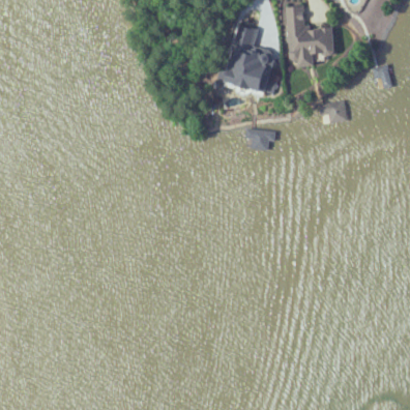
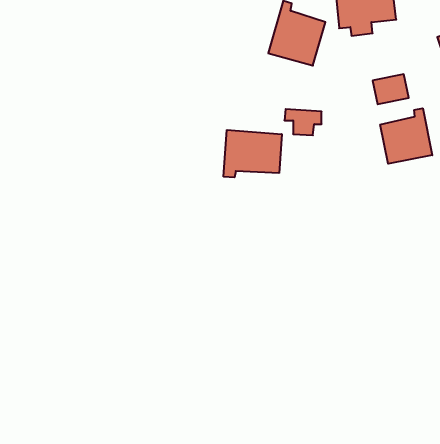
building: none -> [380,108,432,164]
building: none -> [224,130,282,177]

